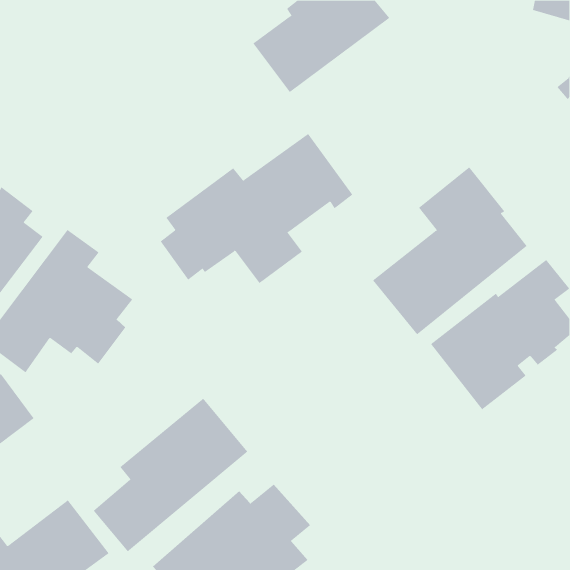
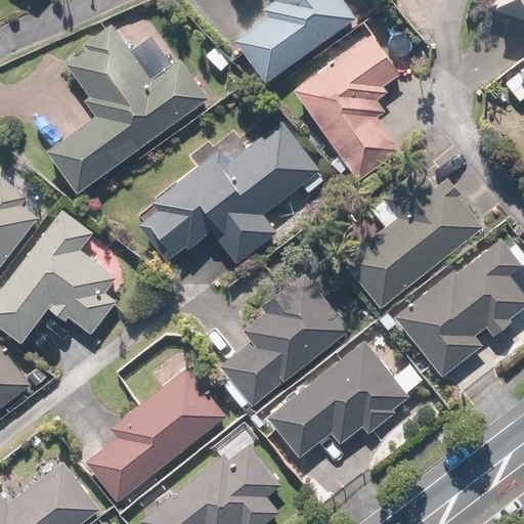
building: none -> [45,24,209,195]
building: none -> [294,36,400,181]
building: none -> [218,271,350,408]
building: none -> [266,337,413,457]

